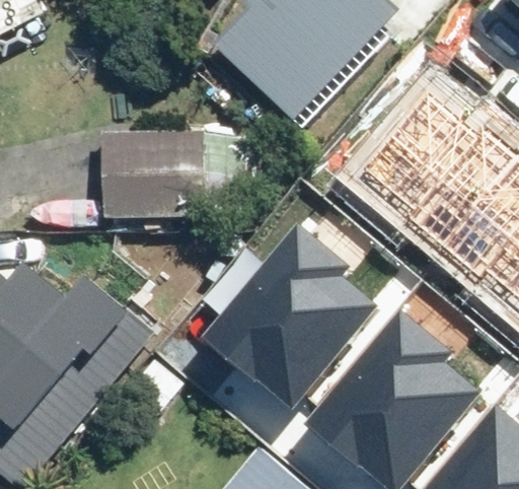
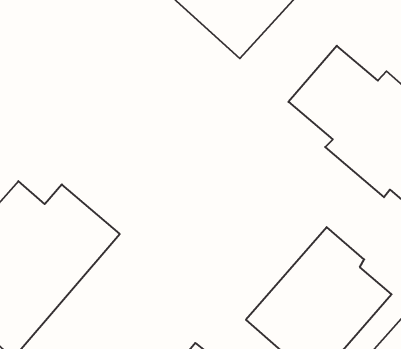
building: [96,139,212,222] -> none
building: [204,228,378,412] -> none

